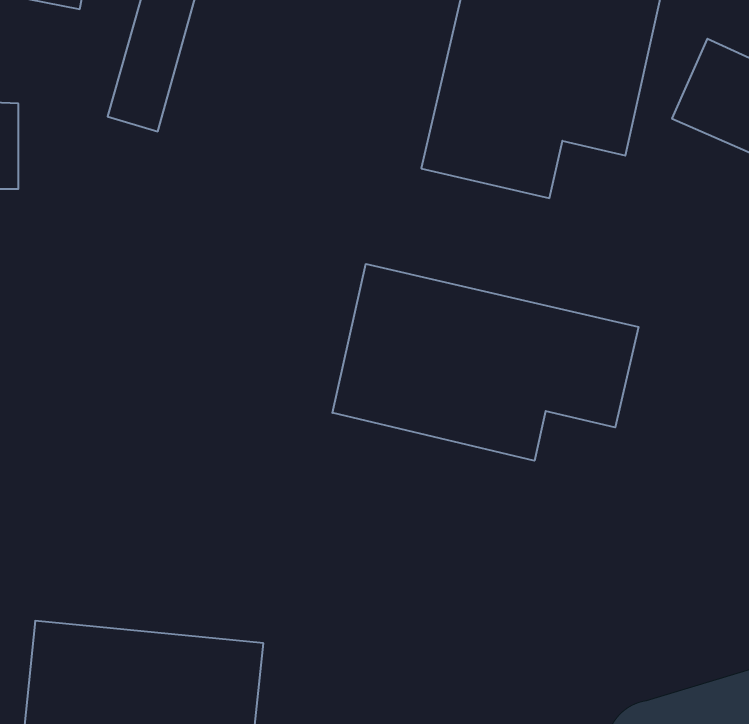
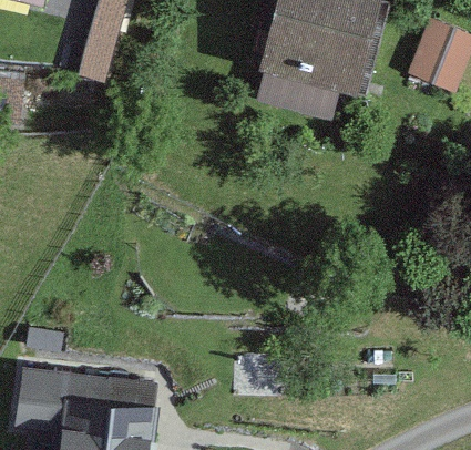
building: [332,264,639,461] -> none

